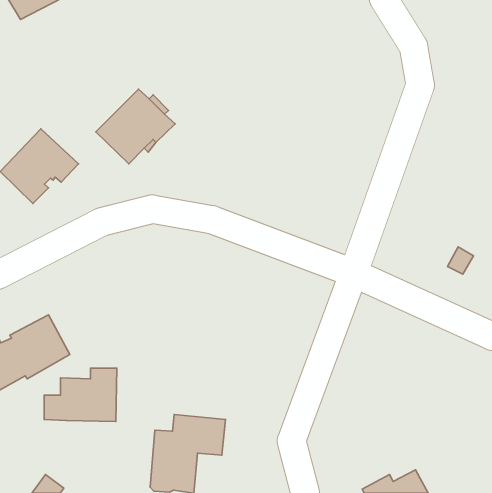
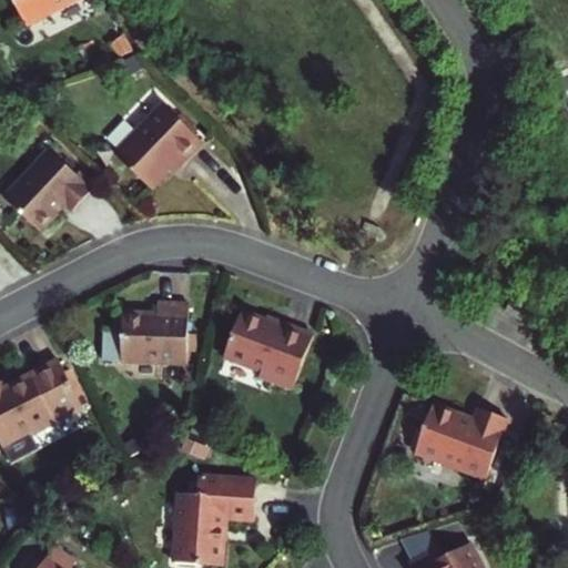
building: none -> [224,311,312,387]
building: none -> [414,403,507,478]
building: [44,368,117,421] -> [104,301,187,362]

